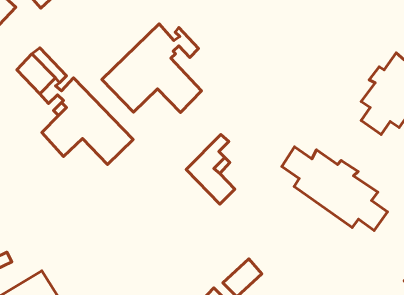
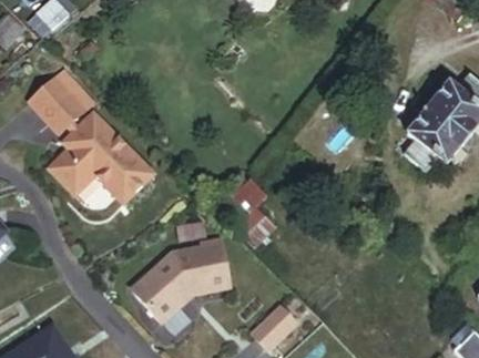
building: [102,24,201,113] -> none
building: [282,147,388,231] -> none
building: none -> [132,236,230,321]

